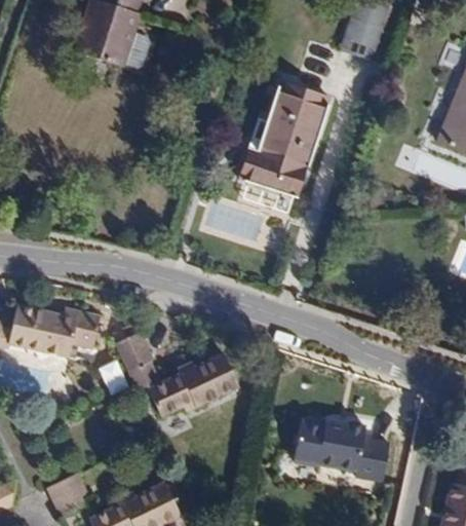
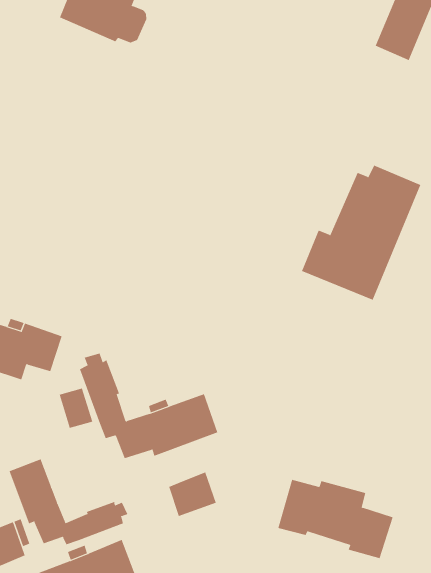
building: [236,84,331,198] -> [301,165,421,301]
building: none -> [169,472,216,517]
building: none -> [9,458,128,545]

